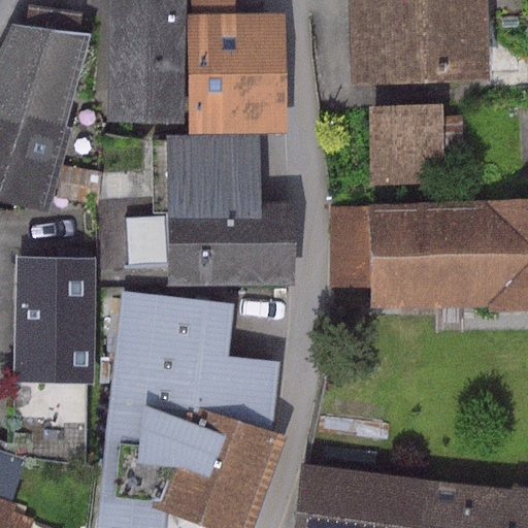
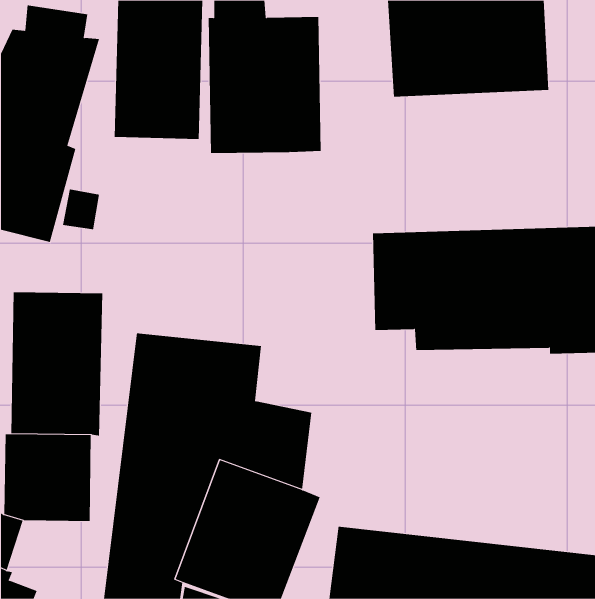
building: [369,105,443,188] -> none
building: [128,134,294,293] -> none

